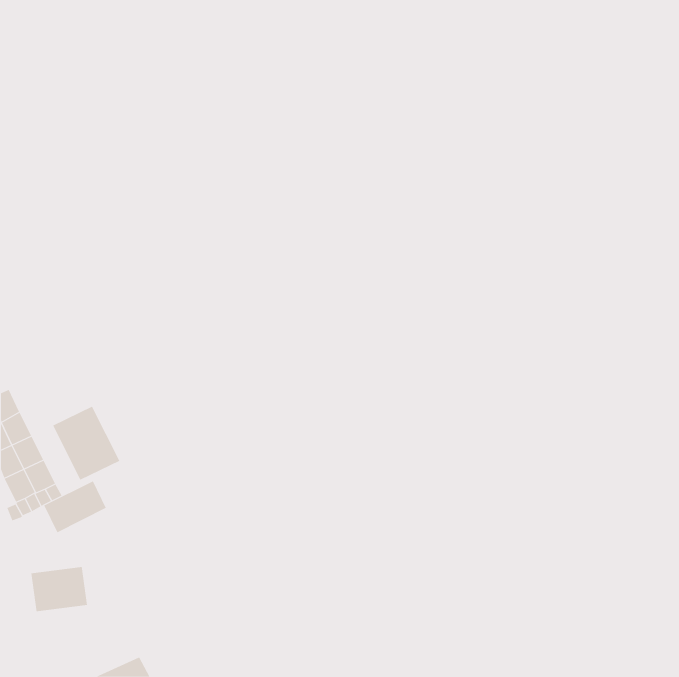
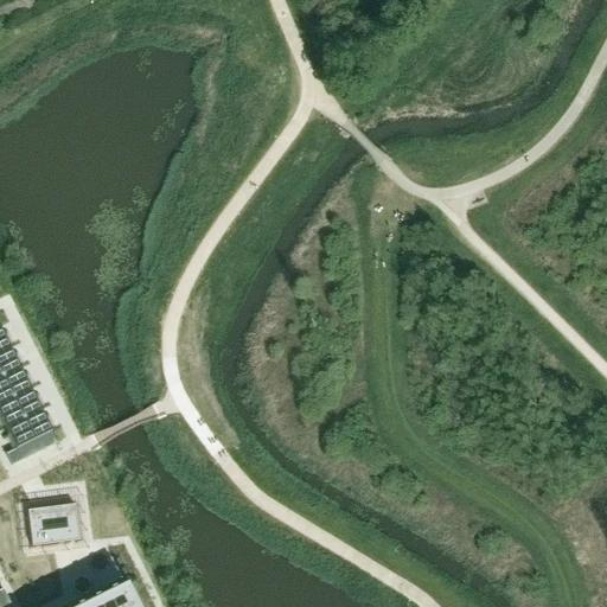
building: [53,406,120,481] -> none
building: [44,480,107,533] -> none

